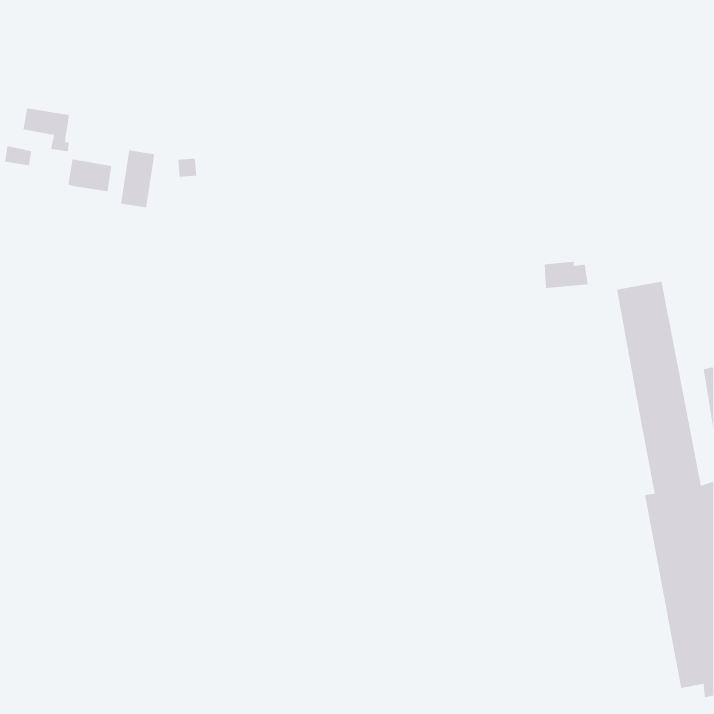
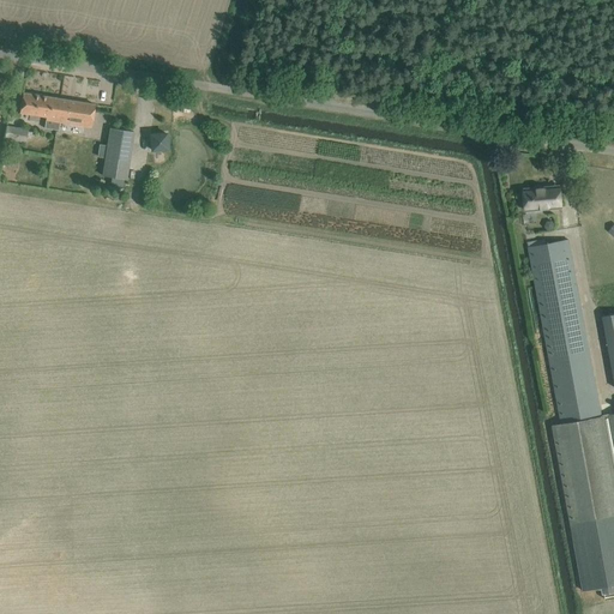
building: [68,159,112,192] -> [56,98,95,127]
building: [544,261,588,289] -> [524,187,562,211]

